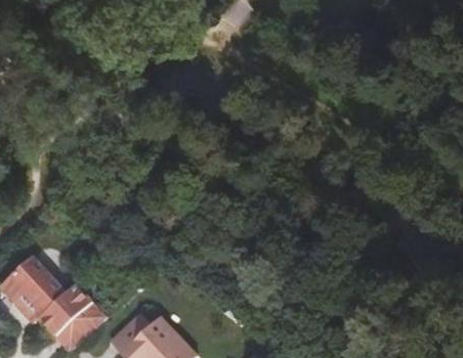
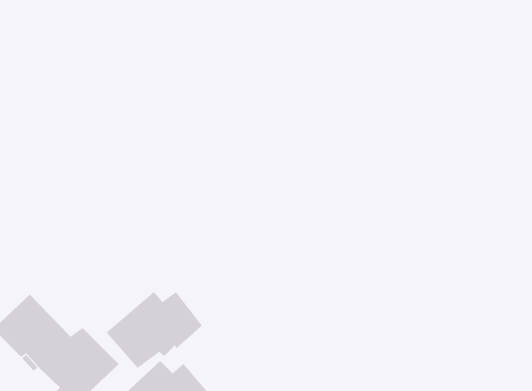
building: none -> [105,291,203,369]

